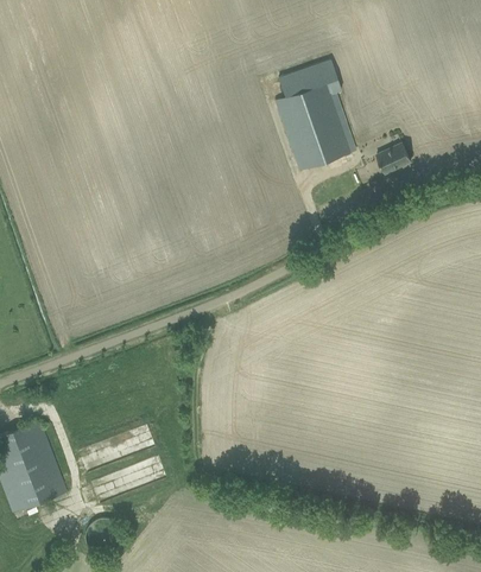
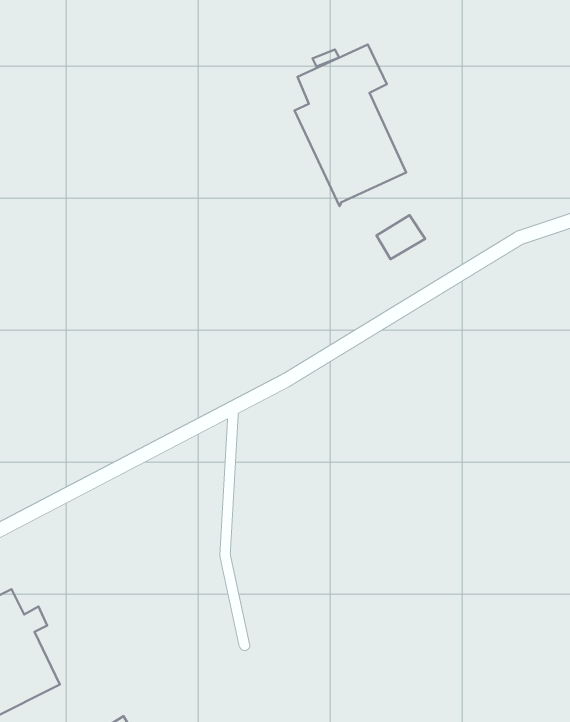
building: [378,145,412,174] -> [376,215,425,259]

